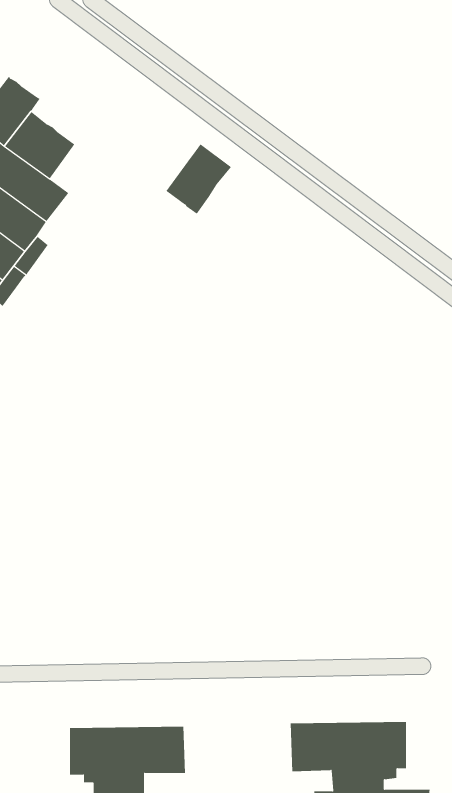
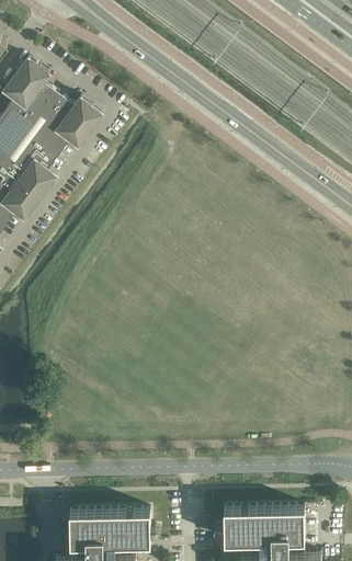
building: [165,143,232,214] -> [56,98,102,147]

